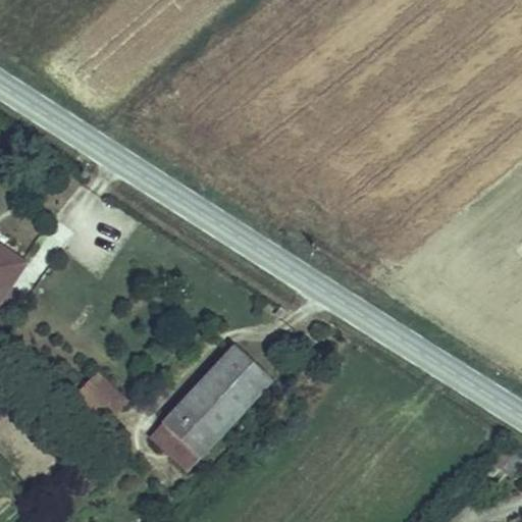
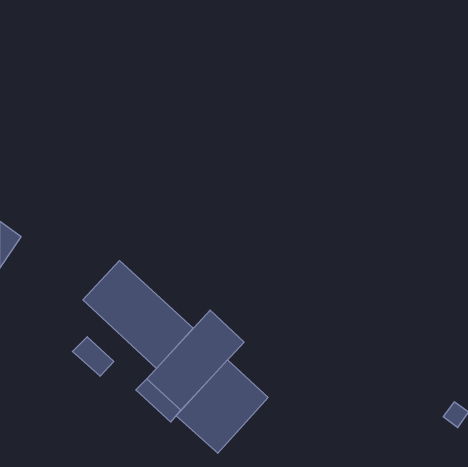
building: none -> [83,261,193,368]
building: none -> [176,360,268,453]

